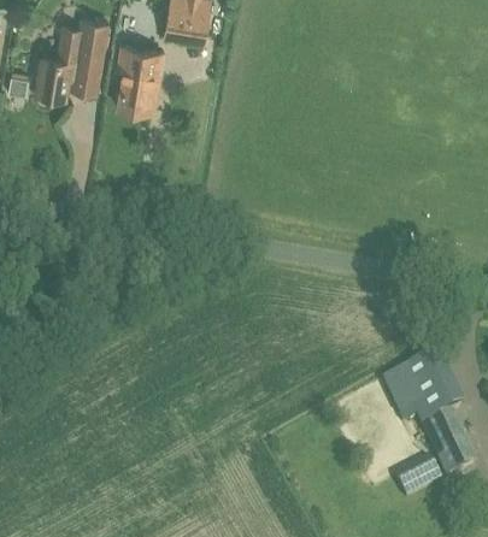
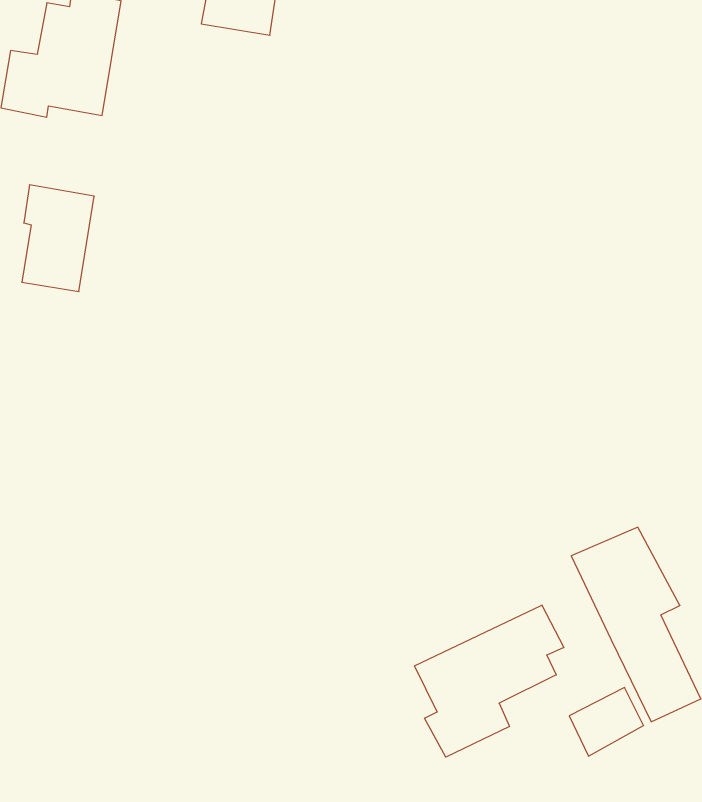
building: [117,45,163,112] -> [22,185,94,292]
building: none -> [414,605,564,757]

